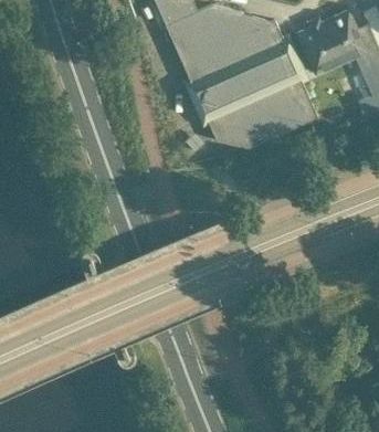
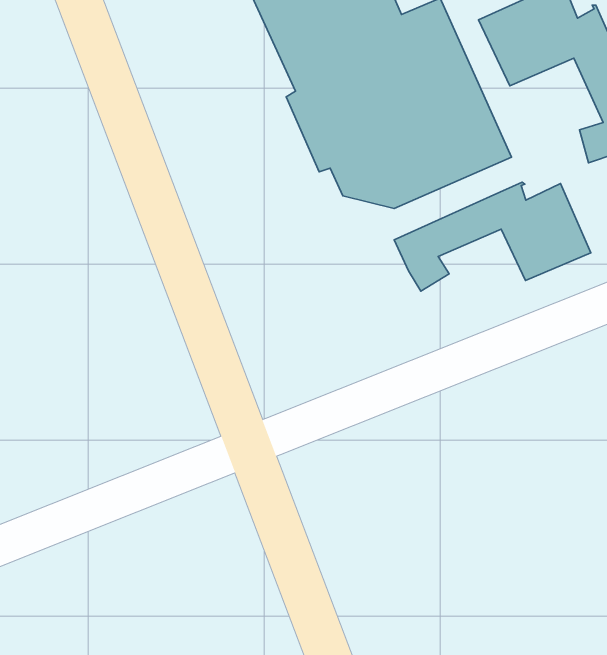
building: none -> [394,182,591,291]

